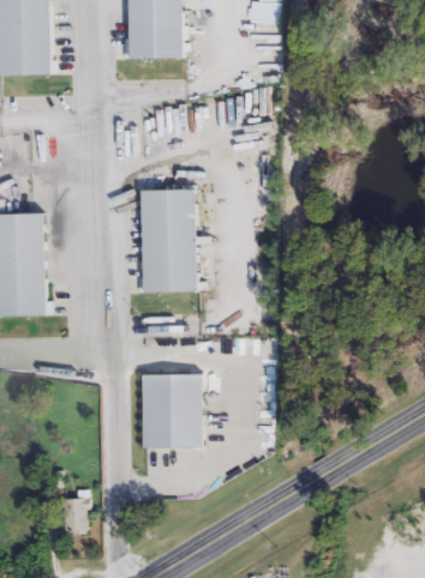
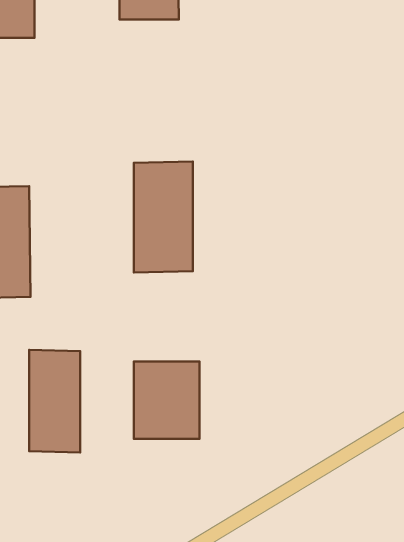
building: none -> [29,350,80,452]
building: [60,499,85,532] -> none

